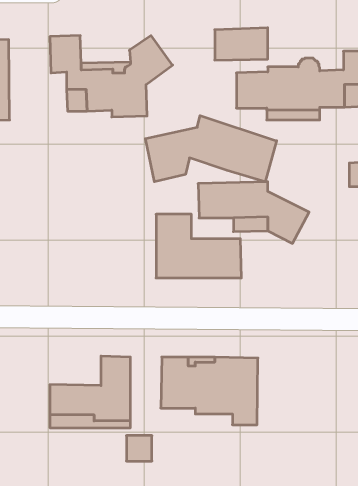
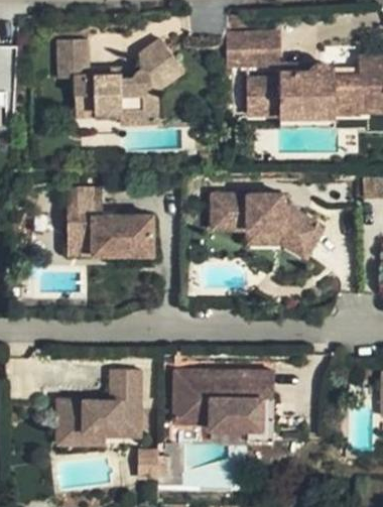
building: [145,116,277,182] -> none
building: [156,214,241,278] -> [67,192,154,257]

